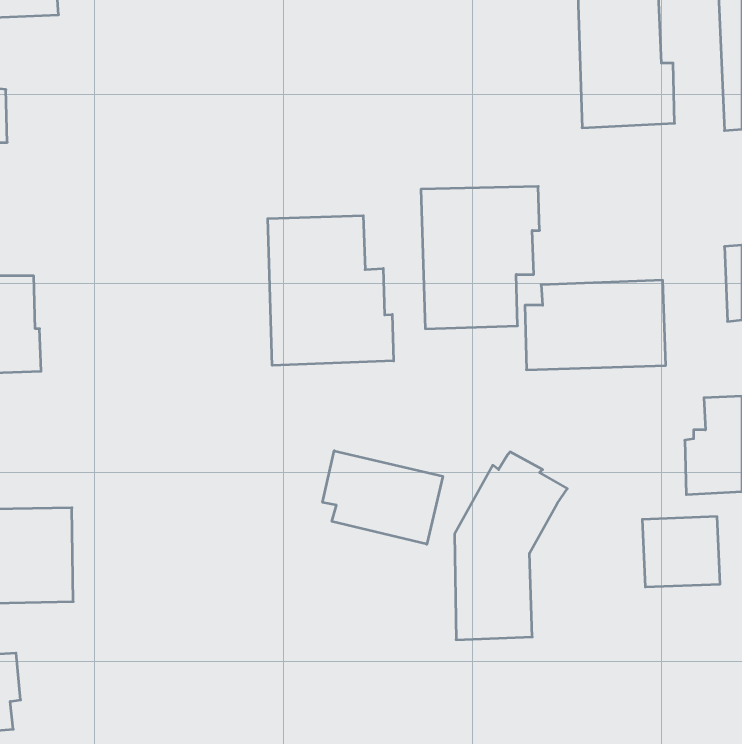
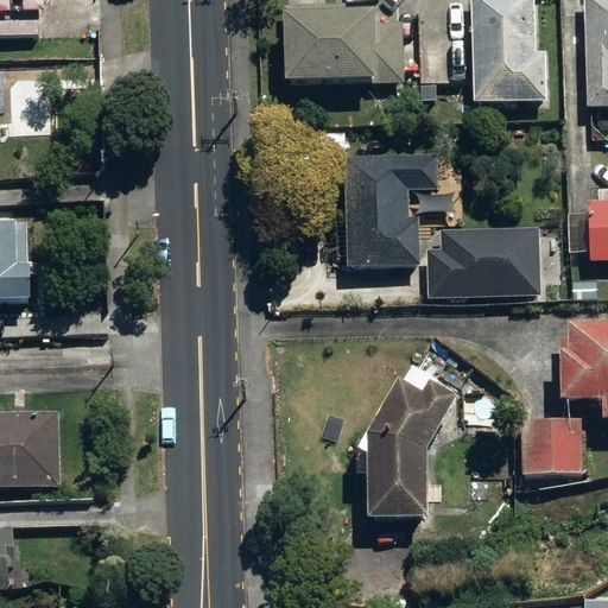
building: none -> [285,10,403,82]
building: [268,216,394,365] -> none
building: [323,451,443,544] -> none

